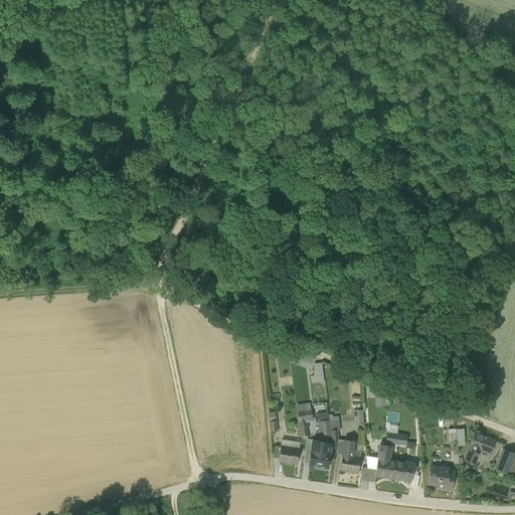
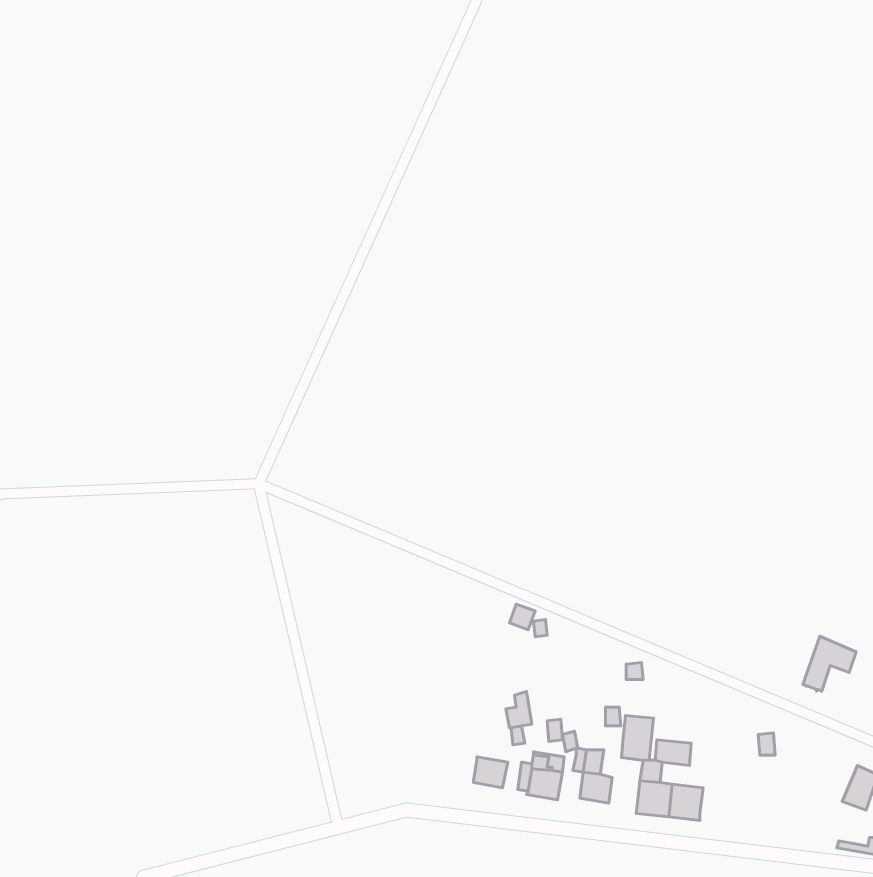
building: none -> [621,715,654,760]
building: [466,433,497,465] -> [803,636,856,691]
building: [430,466,456,489] -> none

